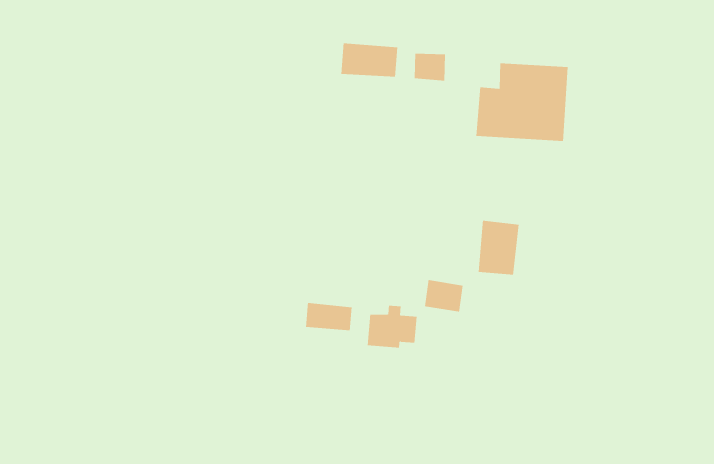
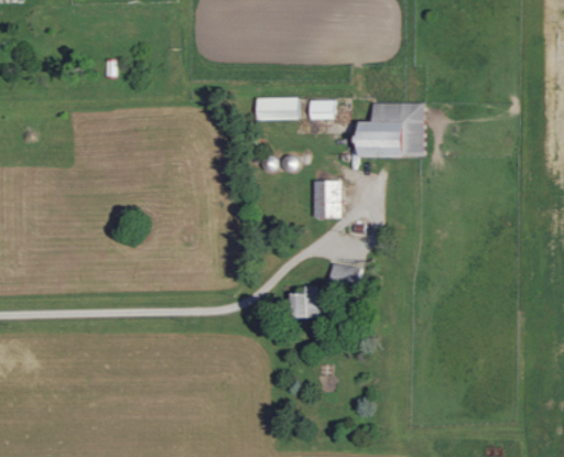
building: [478,220,519,275] -> [313,179,340,218]
building: [305,302,352,331] -> none

